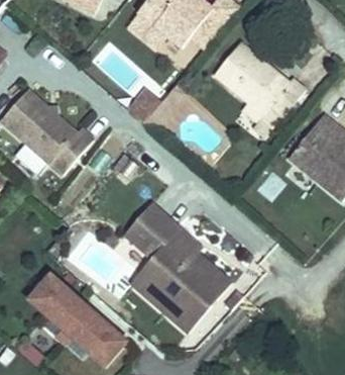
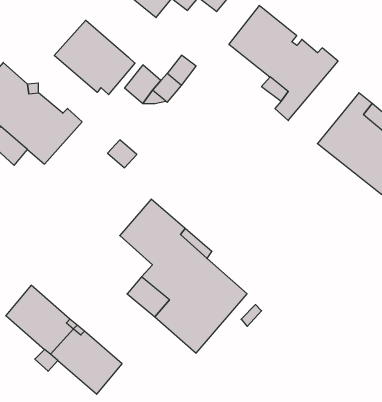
building: none -> [54,20,135,95]

